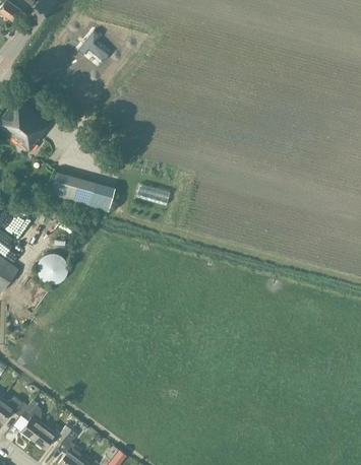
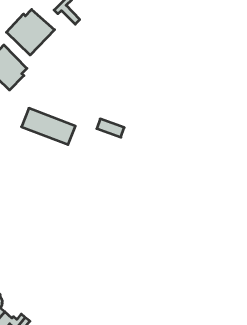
building: none -> [6,9,55,55]
building: [38,254,68,284] -> none

